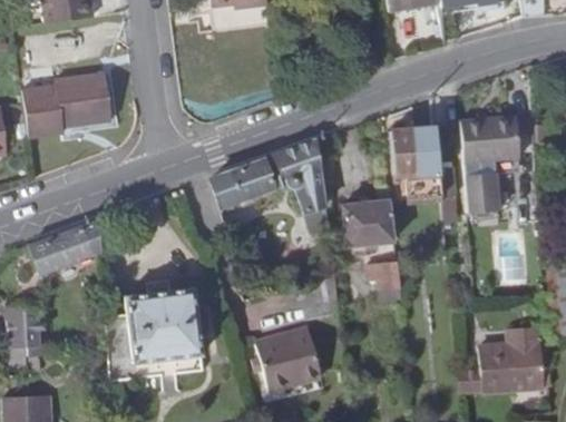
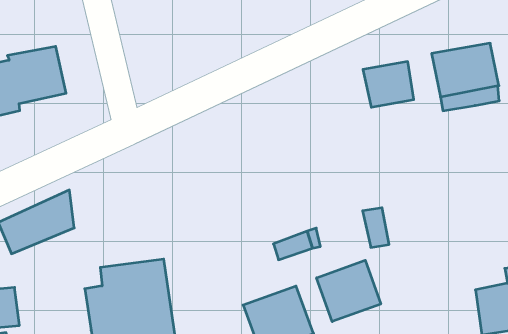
building: [213,138,329,239] -> none
building: [398,161,441,188] -> none
building: [466,173,500,213] -> none
building: [339,202,397,248] -> none
building: none -> [317,260,381,322]

